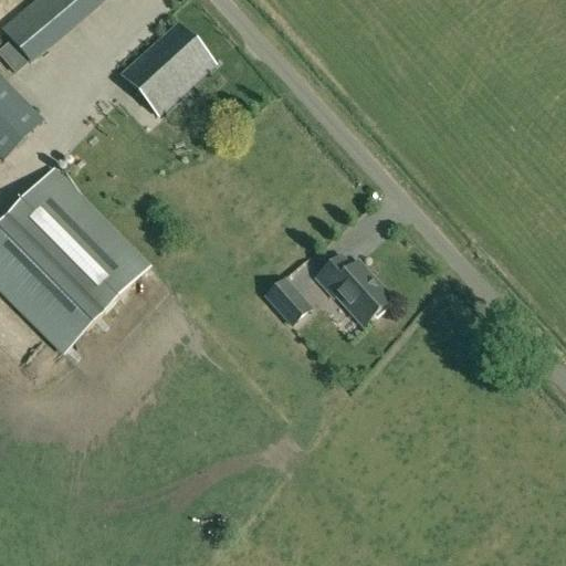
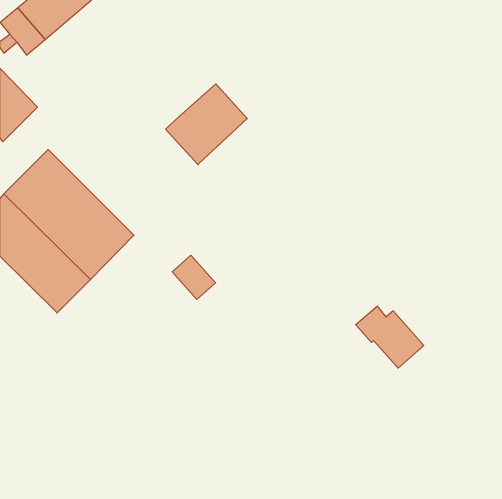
building: [123,23,214,114] -> [166,84,247,165]
building: [316,255,392,325] -> [356,306,424,368]
building: [264,276,313,326] -> [172,255,216,299]

